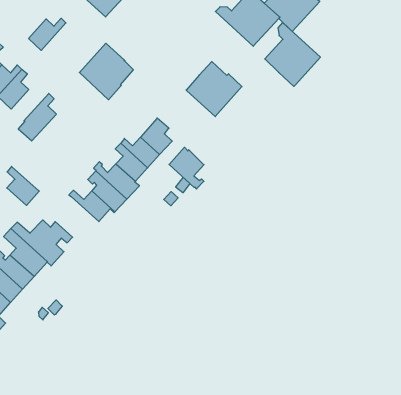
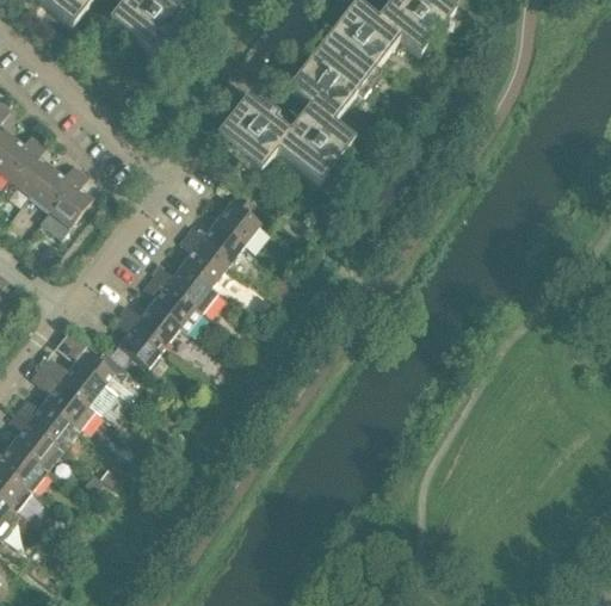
building: [29,18,66,50] -> [27,163,79,211]
building: [265,22,320,86] -> [285,36,364,125]
building: [79,43,133,100] -> [214,93,290,173]
building: [169,147,204,189] -> none
building: [7,166,39,205] -> [116,314,163,367]

